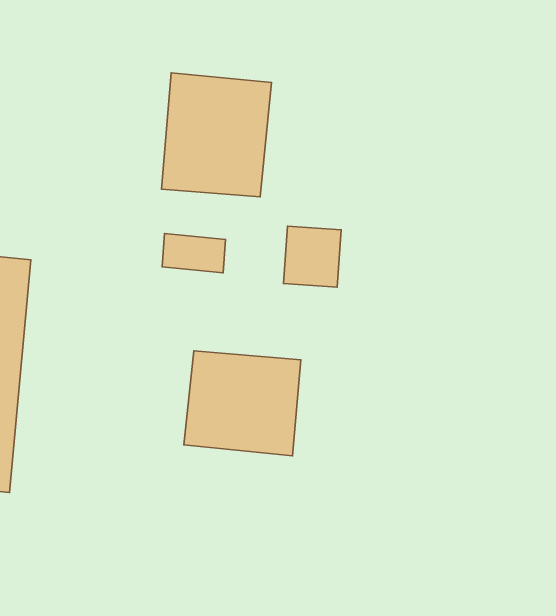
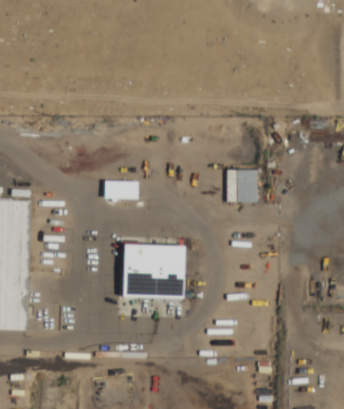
building: [161,73,272,197] -> none
building: [284,226,341,287] -> [227,170,256,202]

